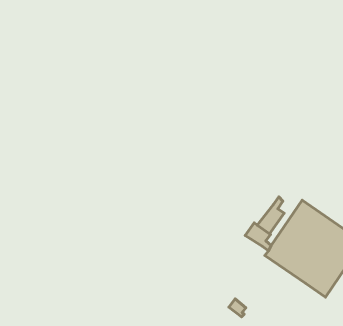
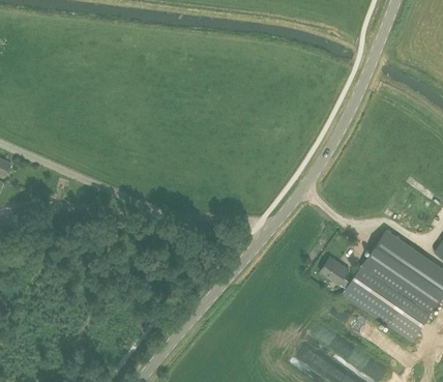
building: [257,197,284,234] -> none

